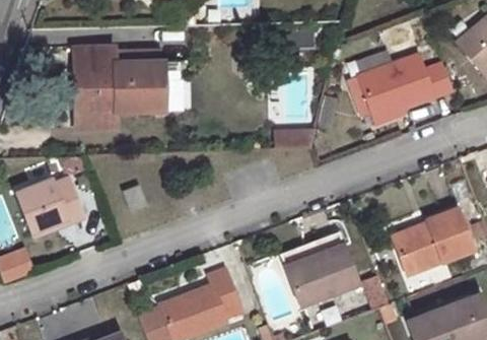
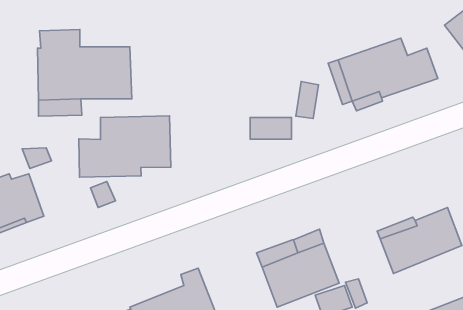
building: none -> [79,116,171,177]

